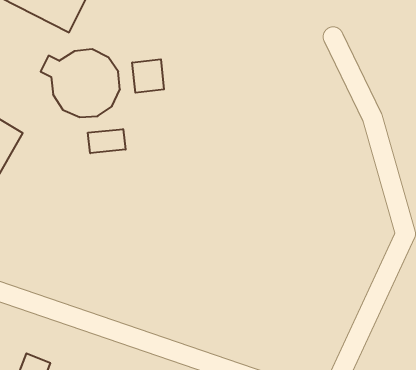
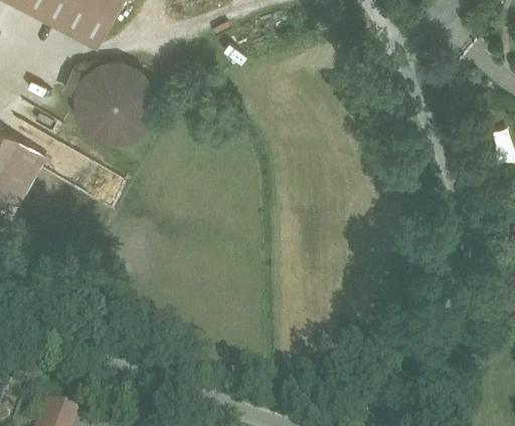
building: [132,59,164,93] -> none
building: [88,129,126,153] -> none

